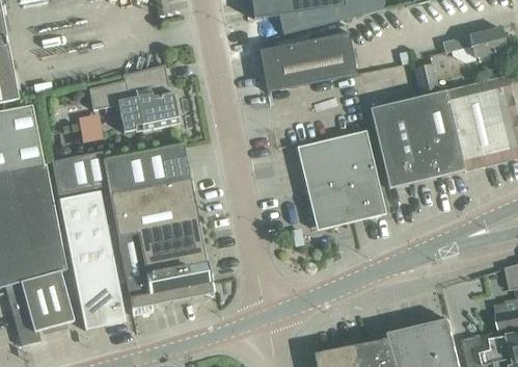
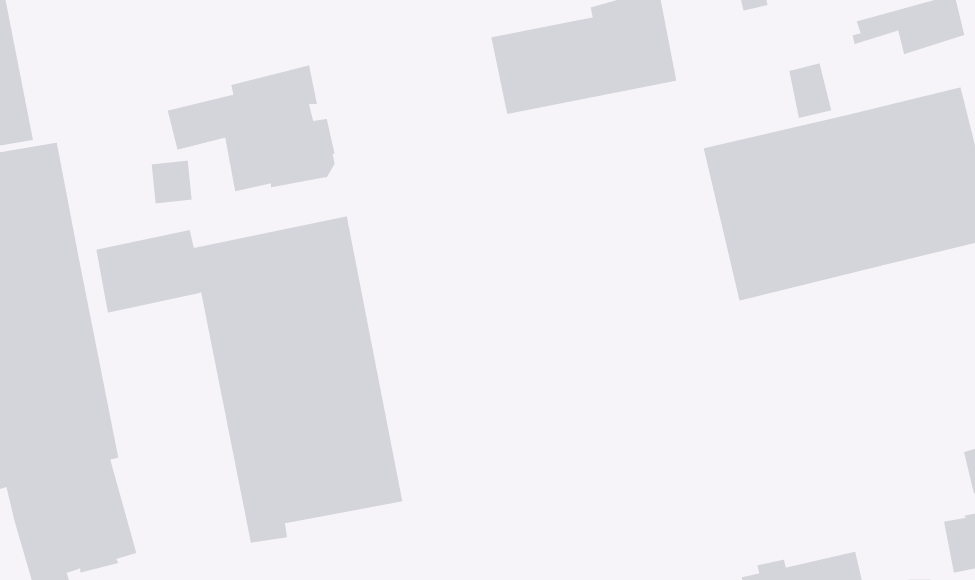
building: [296,130,384,229] -> none
building: [58,190,125,330] -> none

